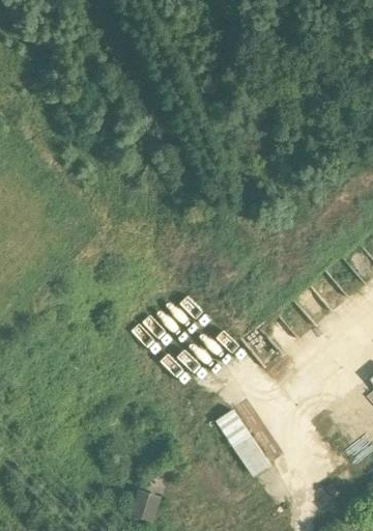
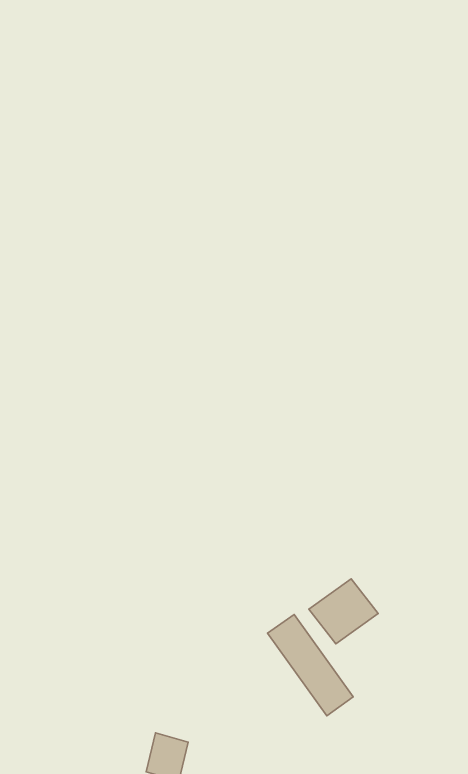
building: none -> [309,579,378,644]

